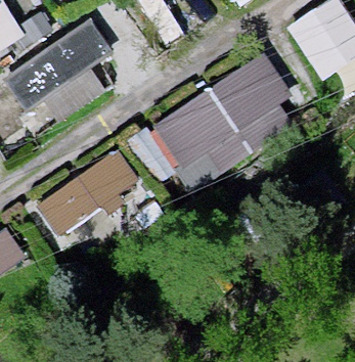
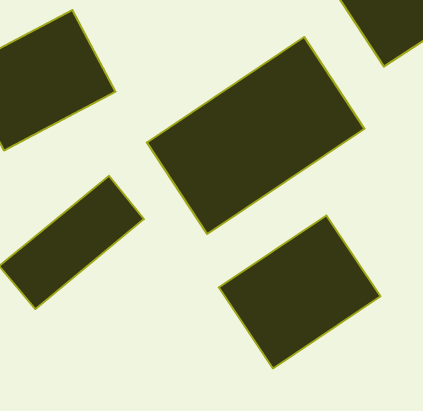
building: none -> [219,215,380,368]

